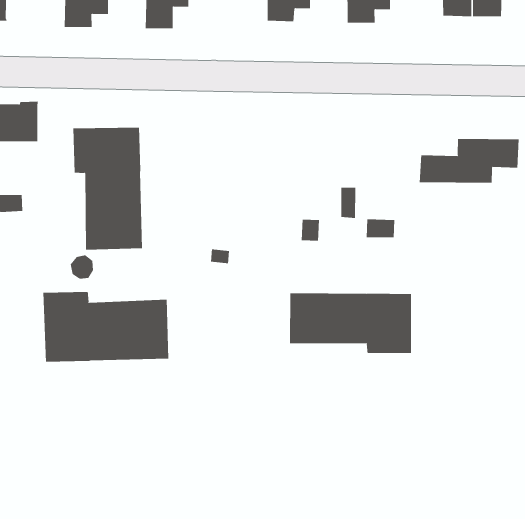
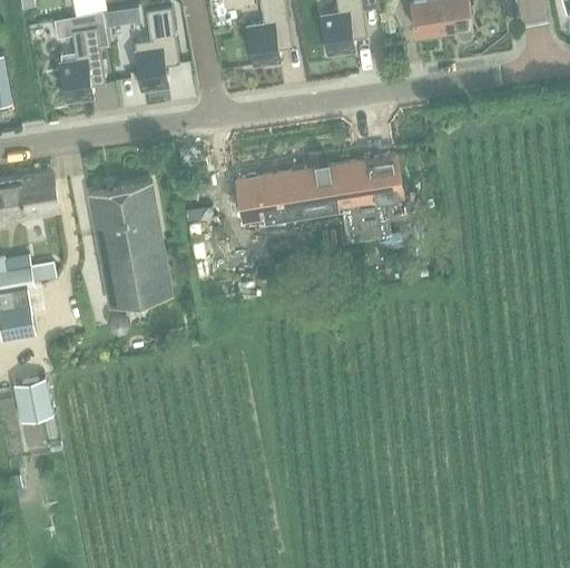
building: none -> [234,154,401,224]
building: [419,138,519,184] -> none
building: [43,291,169,362] -> none
building: [290,292,411,354] -> none

